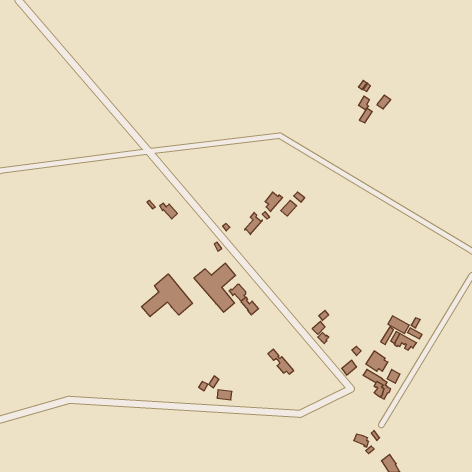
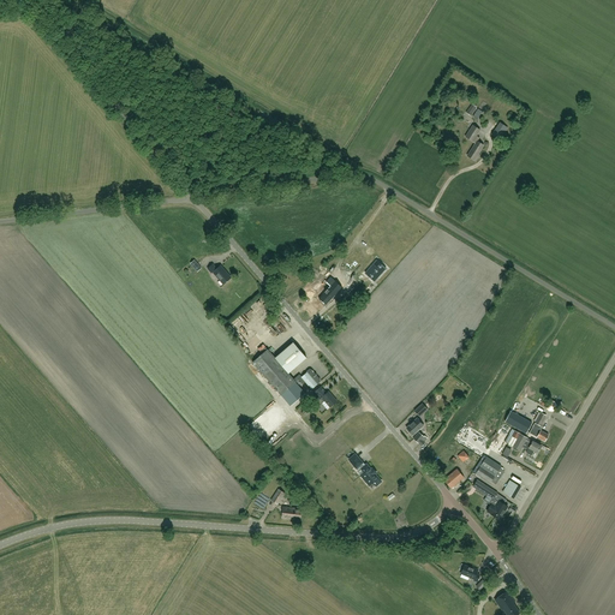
building: [142,274,192,317] -> none

